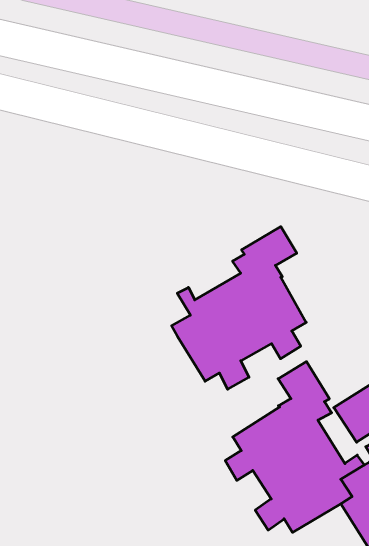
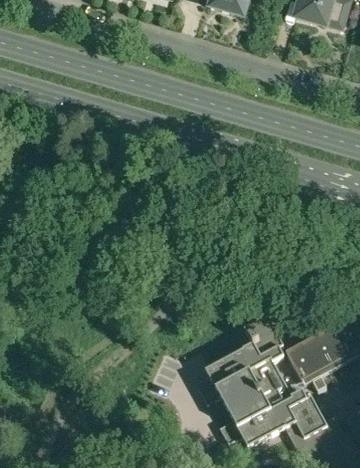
building: [172,227,306,389] -> none

